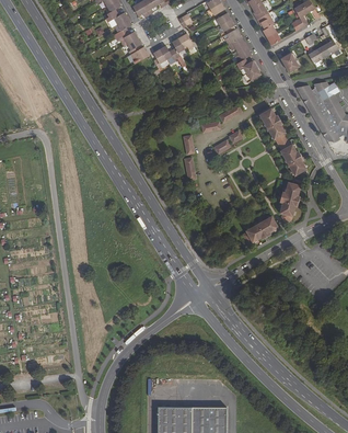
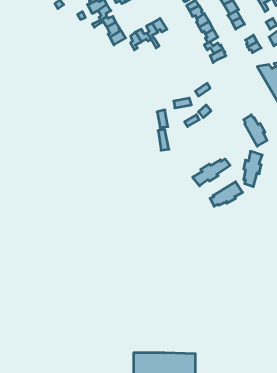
building: [258,107,286,143] -> none
building: none -> [193,159,230,186]

